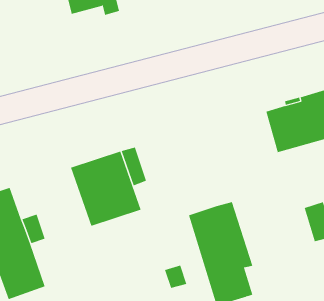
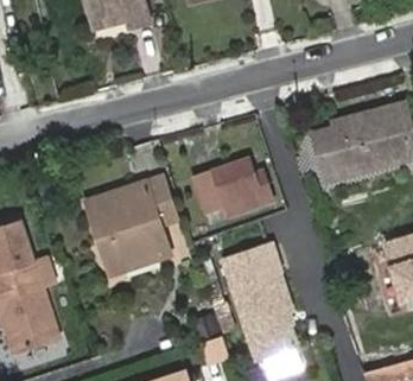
building: none -> [195,159,269,216]

